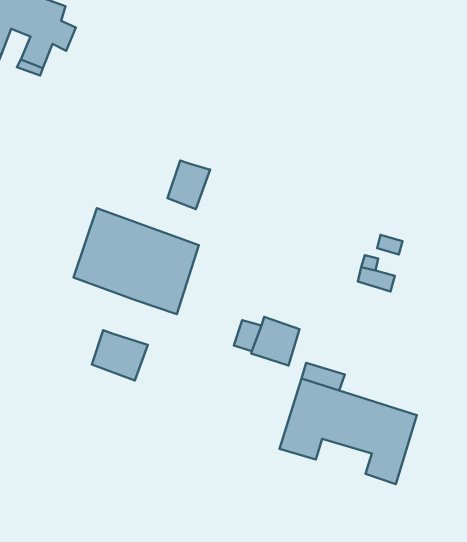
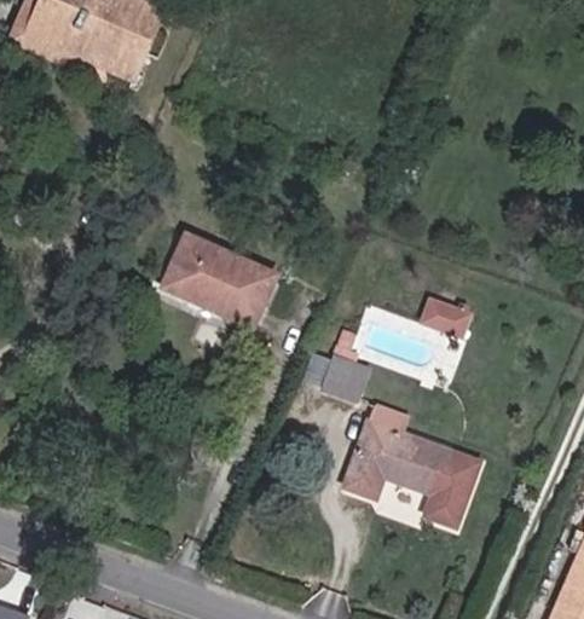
building: [167,161,210,209] -> none
building: [92,330,148,381] -> none

